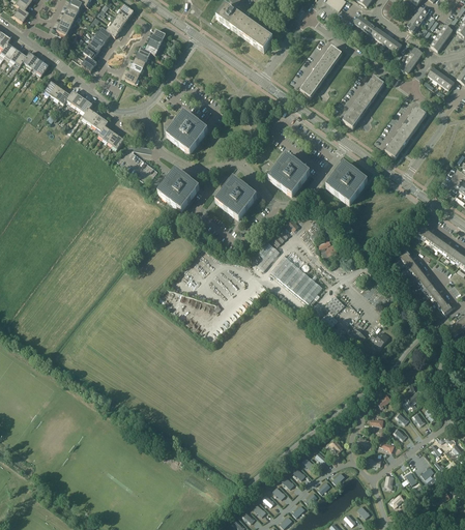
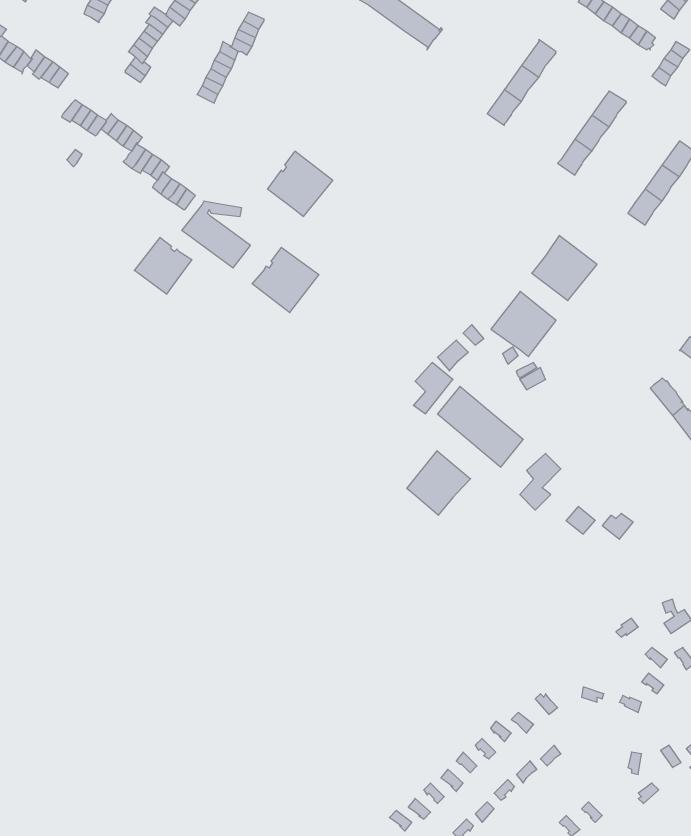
building: [268,154,308,194] -> [491,291,556,357]
building: none -> [134,237,192,294]
building: [215,178,255,217] -> none
building: none -> [407,451,471,515]

